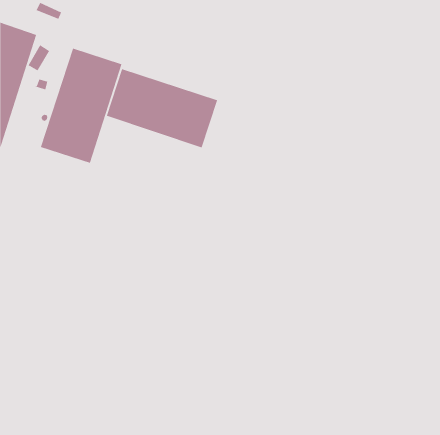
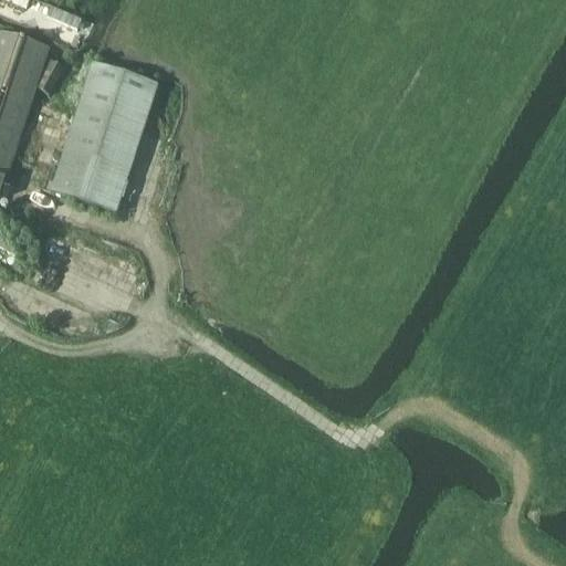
building: [106,68,218,148] -> none

